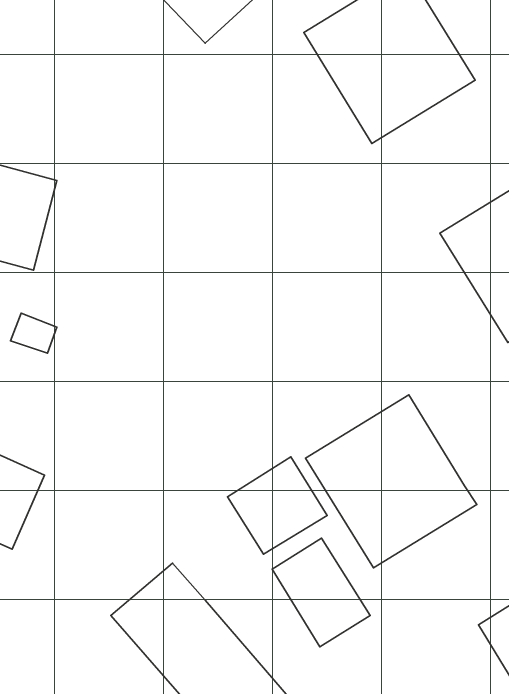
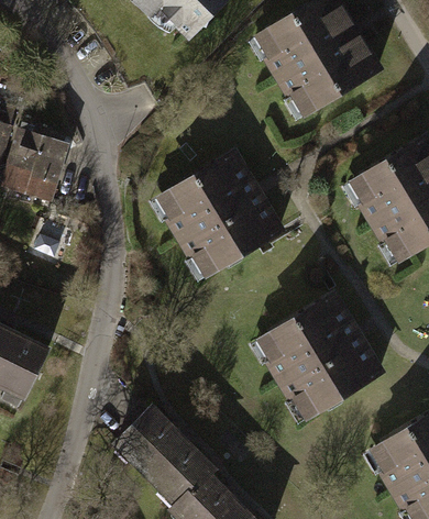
building: none -> [161,161,283,285]
building: [228,457,327,554] -> none
building: [272,538,370,647] -> none

